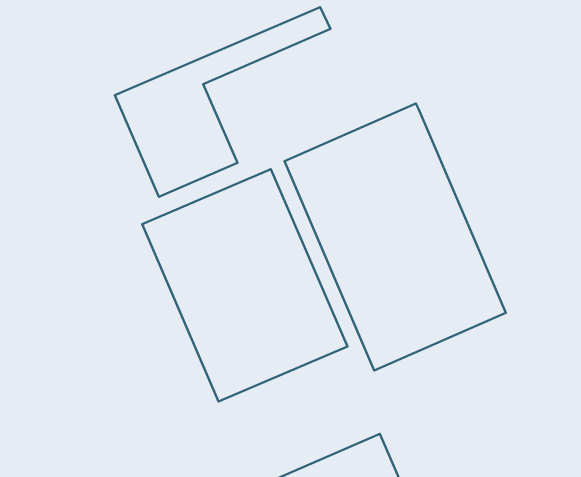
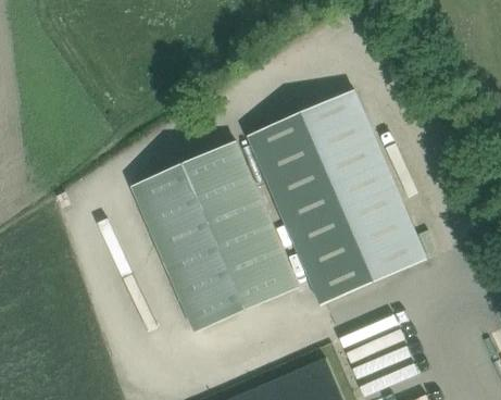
building: [115,7,331,197] -> none

